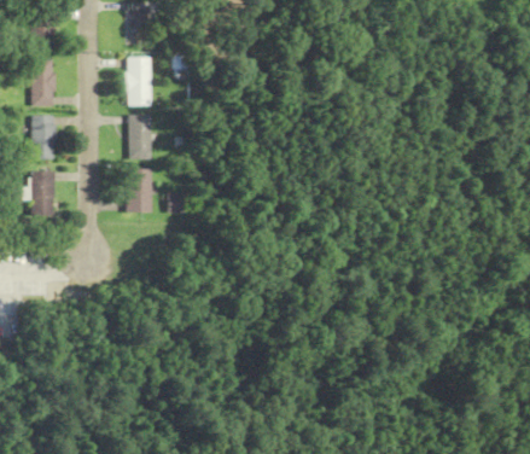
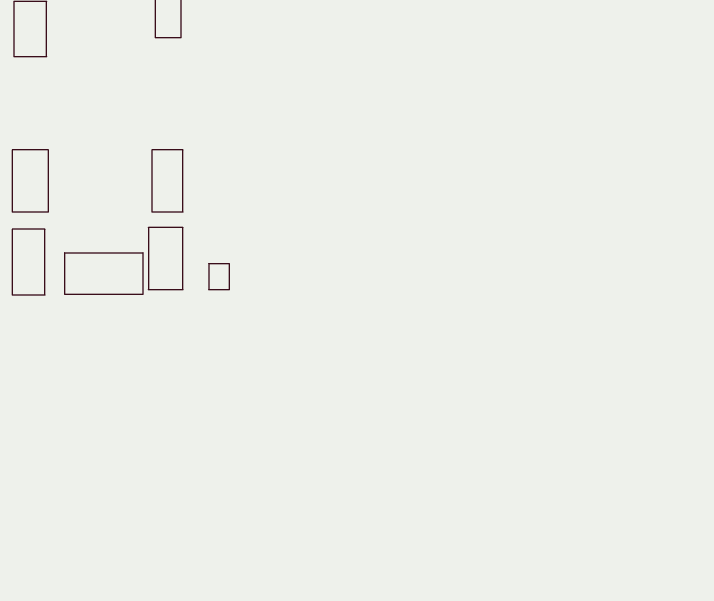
building: [127,57,152,106] -> none
building: [31,58,56,106] -> none
building: none -> [65,253,143,294]

